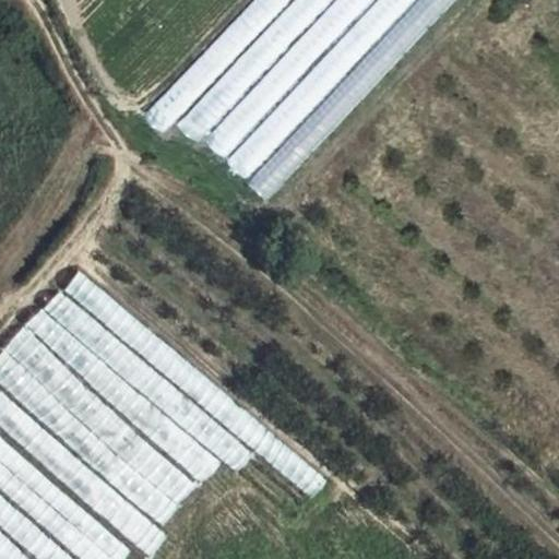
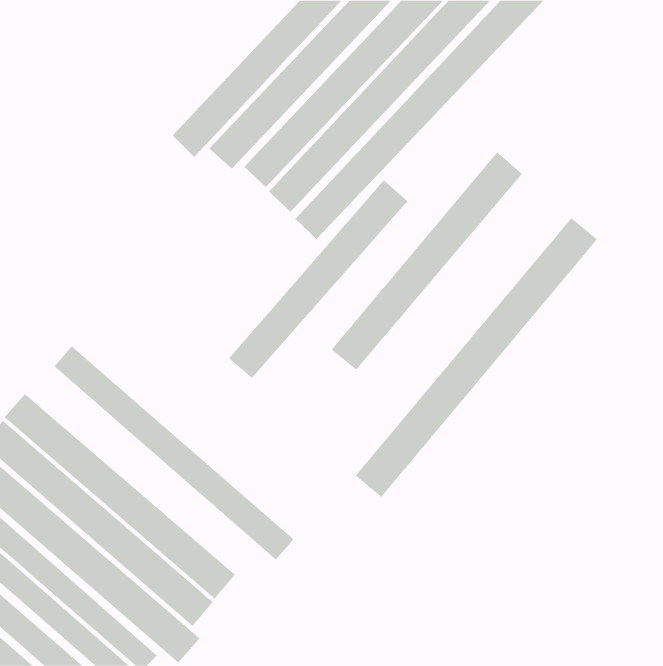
building: none -> [331,152,523,371]
building: none -> [228,180,408,379]
building: none -> [355,217,598,498]
building: [62,269,328,498] -> none
building: [22,307,216,480] -> none

